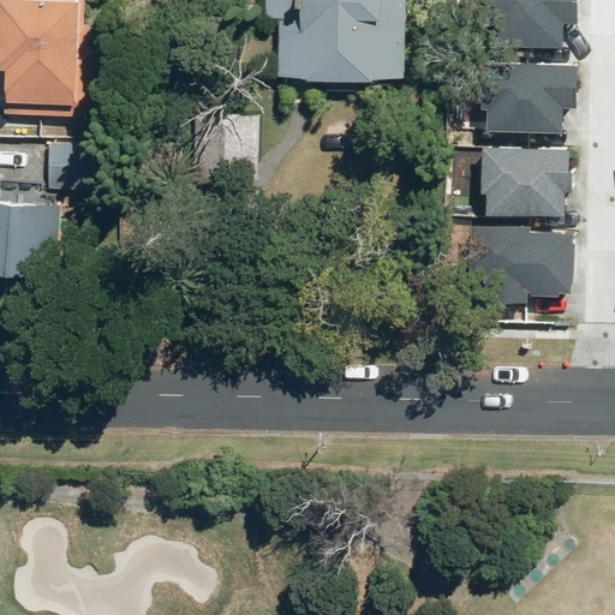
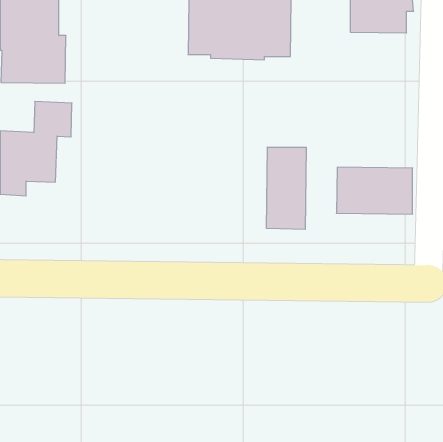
building: [484,66,574,130] -> none
building: [480,147,571,216] -> none
building: none -> [266,147,306,229]

